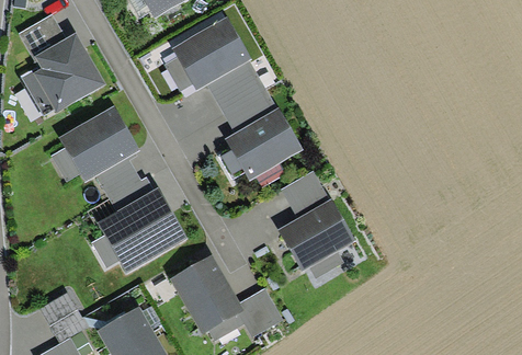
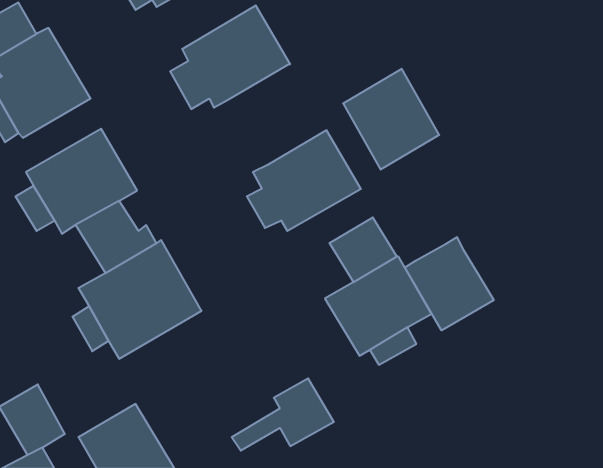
building: [207,59,277,133] -> [343,69,439,170]
building: none -> [405,237,494,330]
building: [170,254,243,334] -> none

